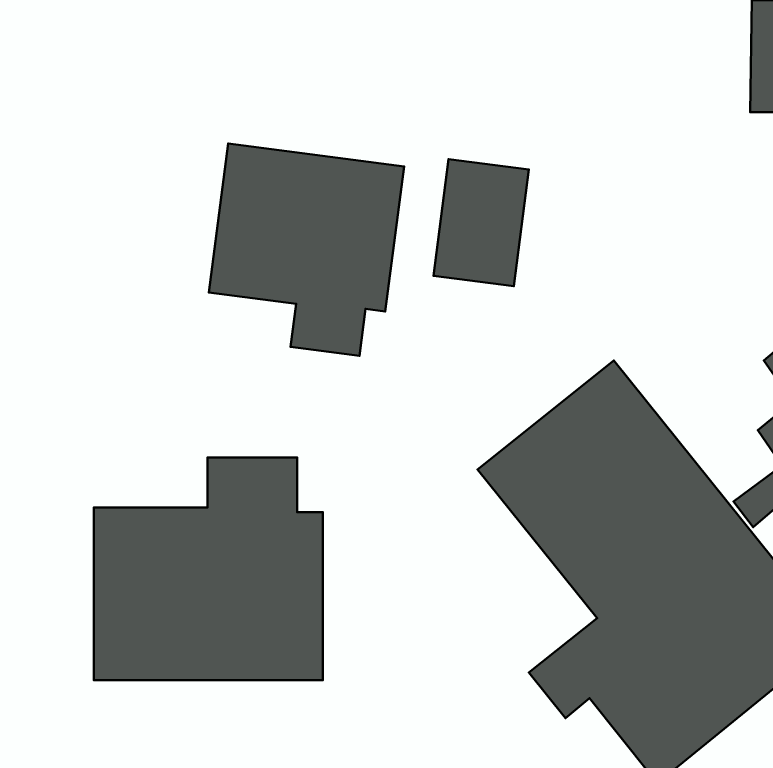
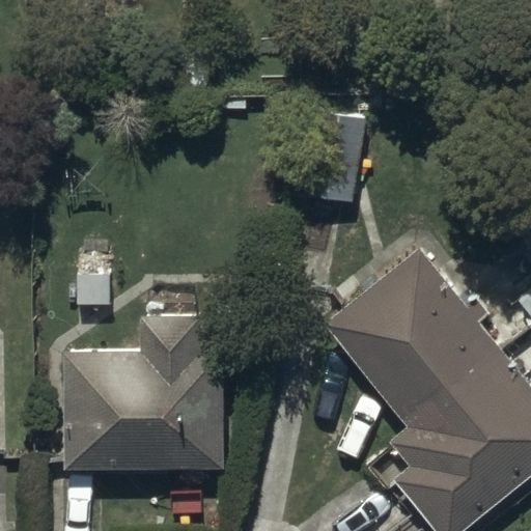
building: [209,144,404,356] -> none

